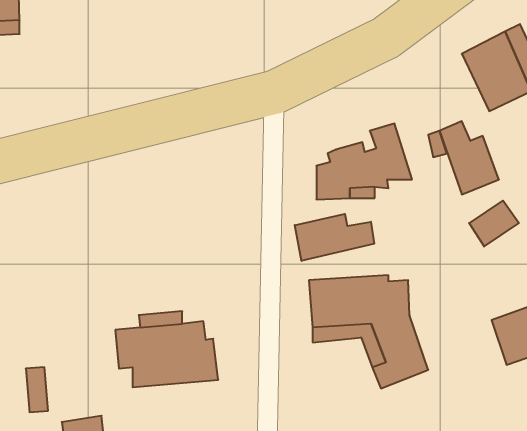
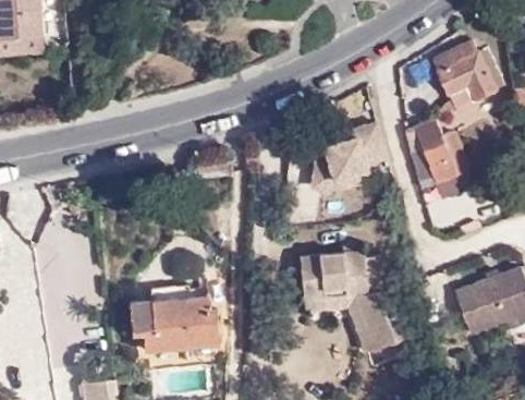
building: [295,214,374,261] -> none

